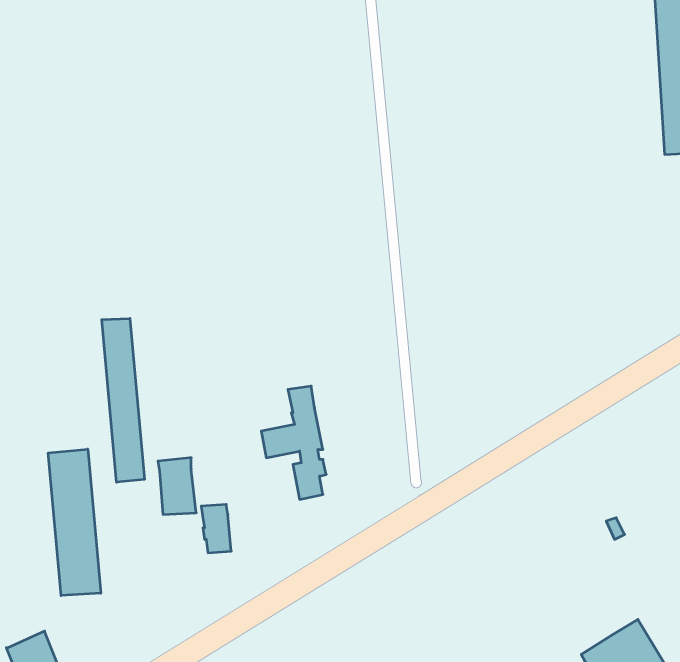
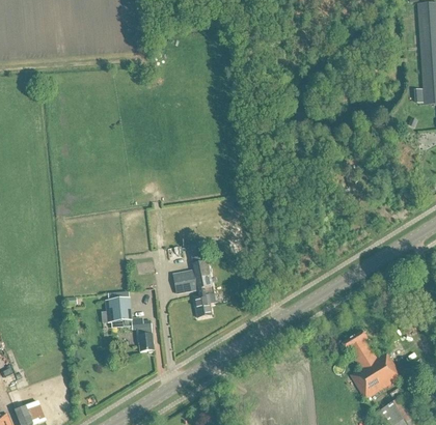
building: [102,318,144,482] -> none
building: [48,449,101,596] -> none
building: none -> [342,331,400,400]

